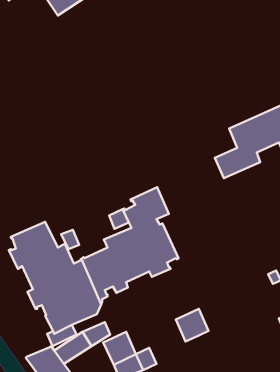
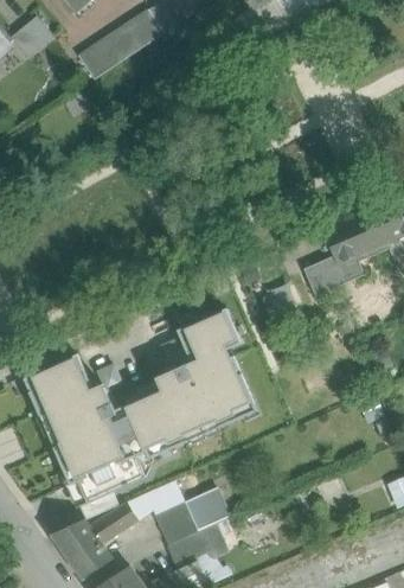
building: [176,309,209,342] -> [184,486,227,530]

